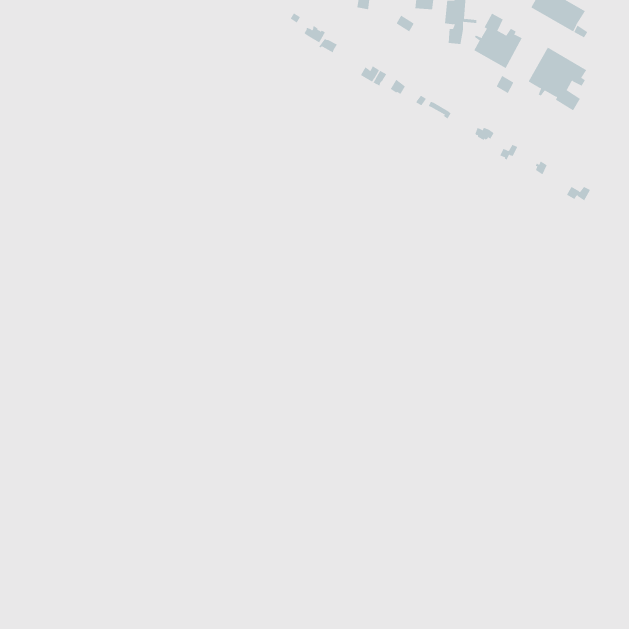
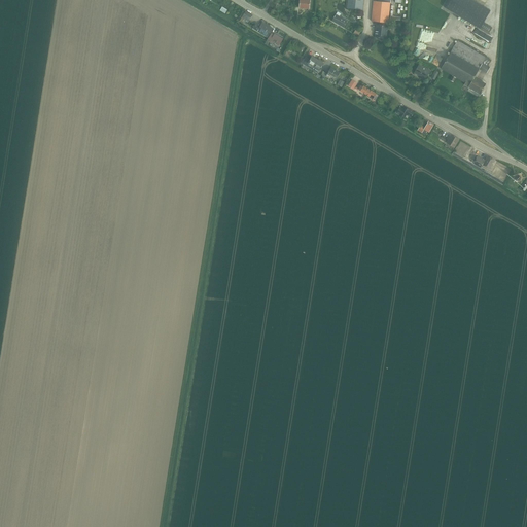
building: [474,13,523,69] -> none

